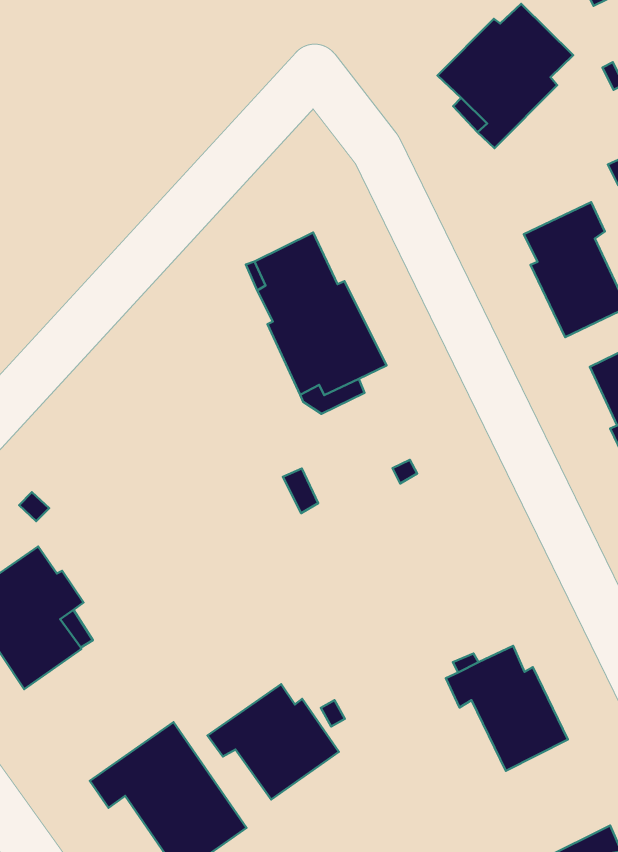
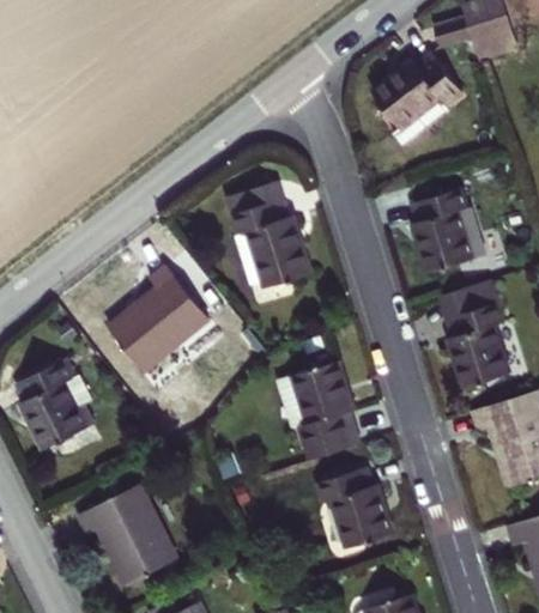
building: none -> [110,265,207,369]
building: none -> [279,360,357,459]
building: [207,684,339,799] -> none

